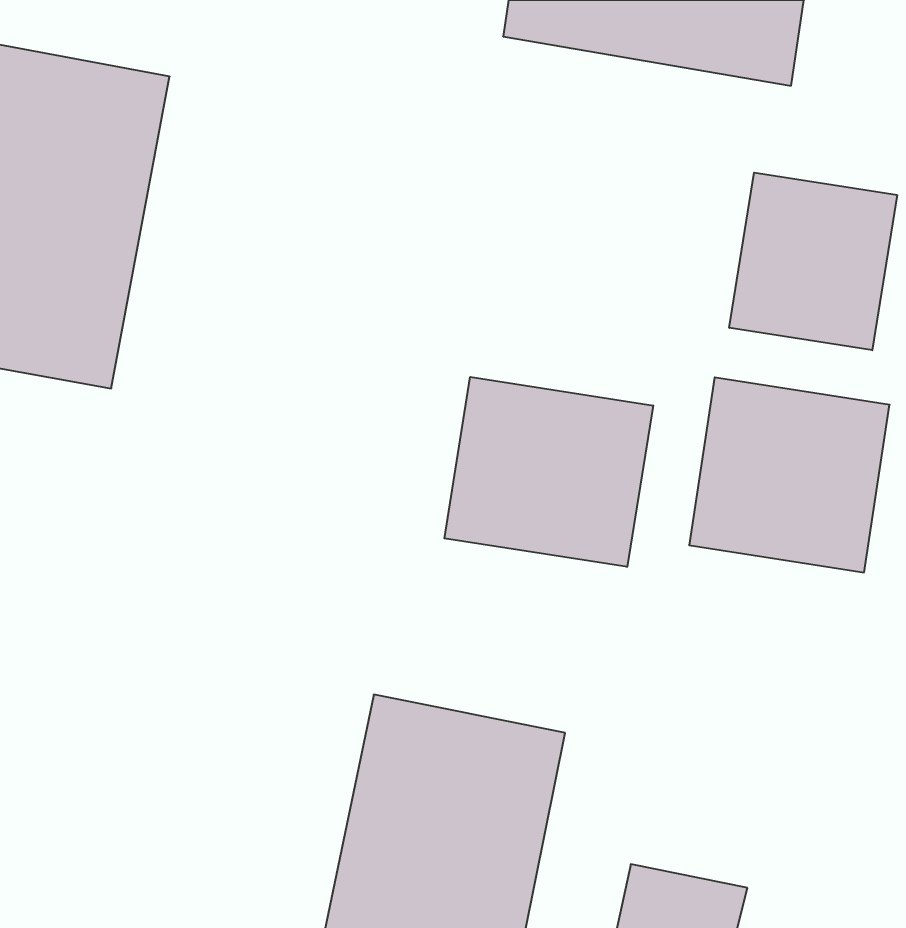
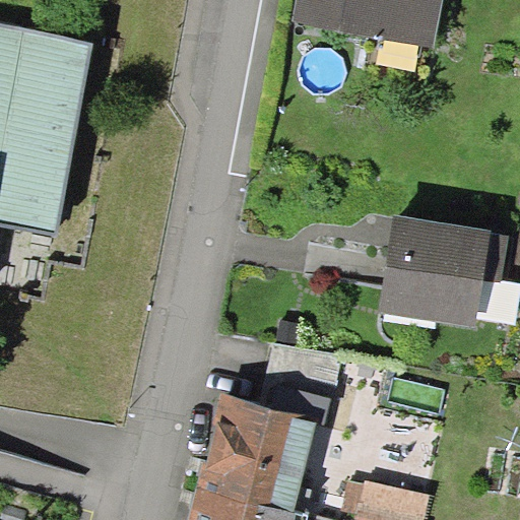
building: [729,173,897,350] -> none
building: [444,377,653,567] -> none

